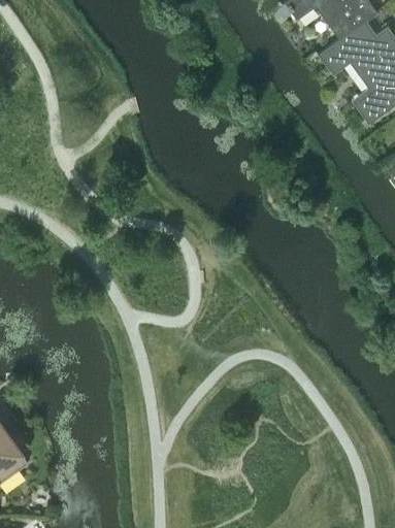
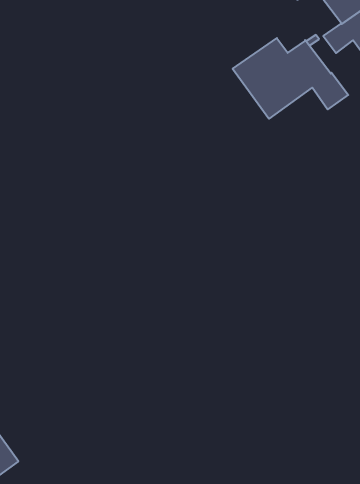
building: none -> [233,38,348,119]

